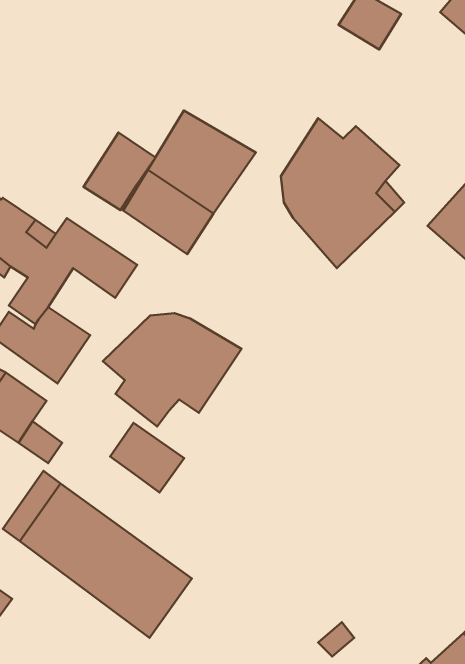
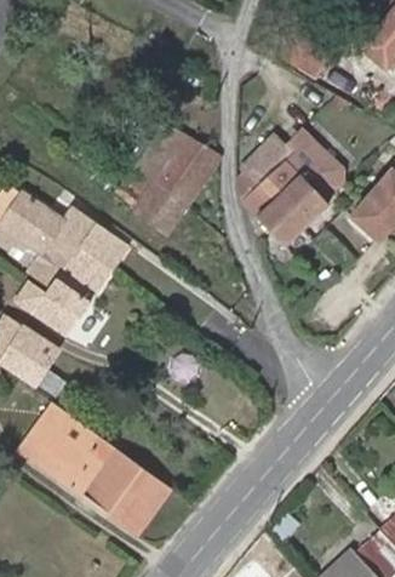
building: [84,133,156,210] -> none
building: none -> [58,246,110,298]
building: [103,313,242,426] -> none
building: [110,423,184,492] -> none

